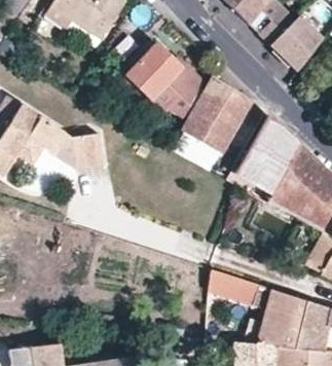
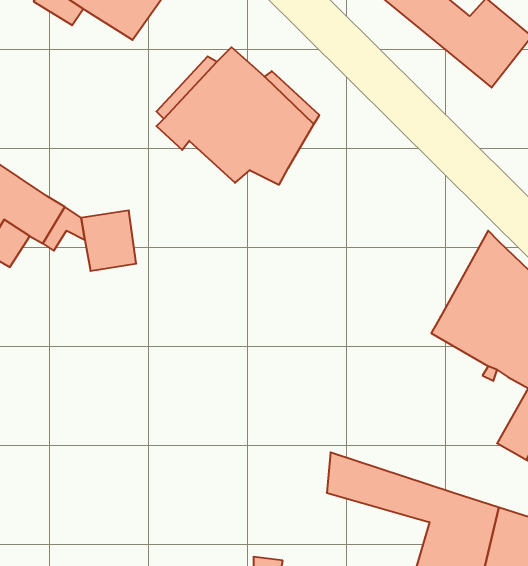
building: [183,77,253,153] -> none
building: [237,116,300,193] -> none

